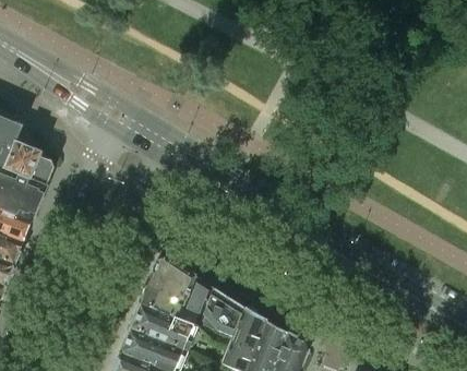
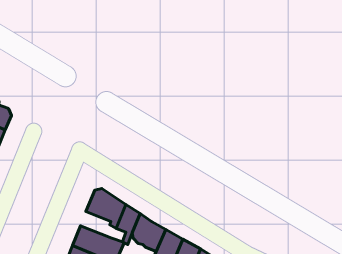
building: [140,286,183,319] -> none

